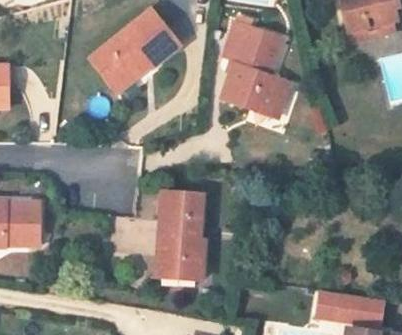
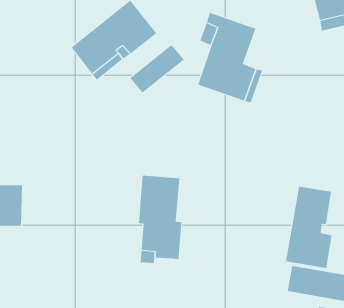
building: none -> [130,44,184,93]
building: none -> [285,186,332,269]

